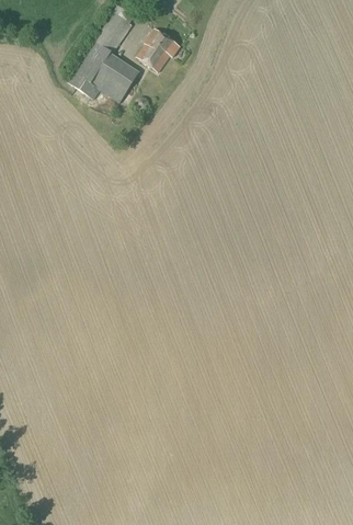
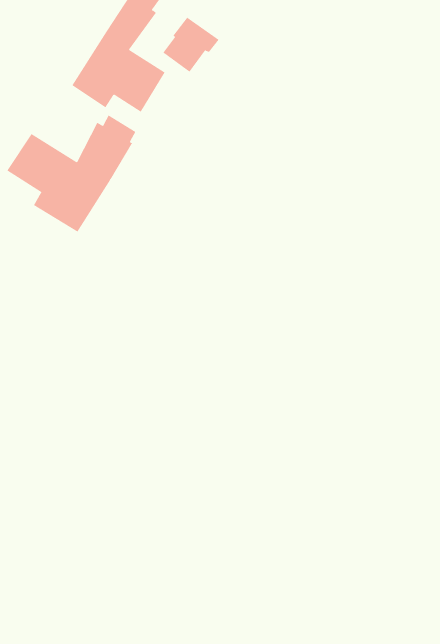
building: none -> [6,115,136,232]

